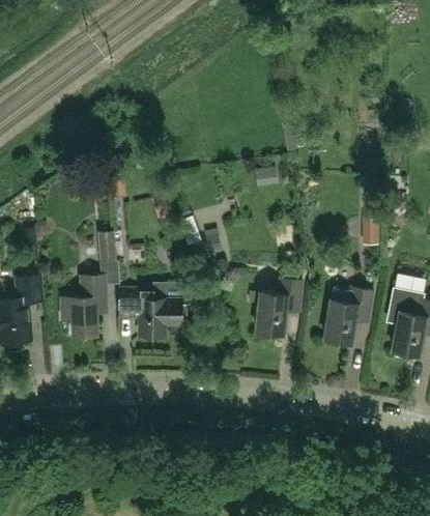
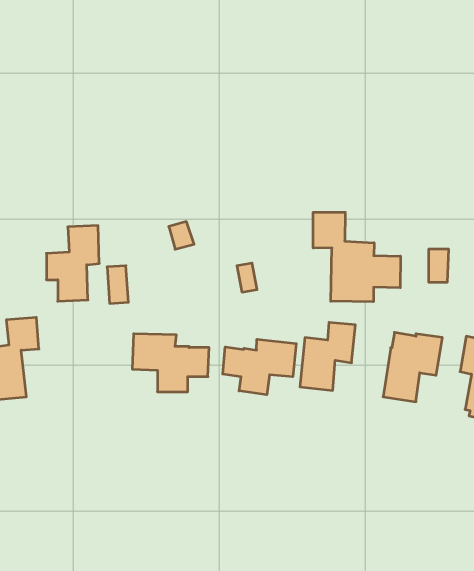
building: none -> [313,212,400,302]
building: [62,275,106,337] -> [46,226,99,301]
building: none -> [223,339,296,395]

